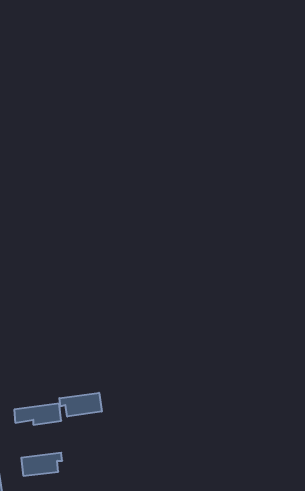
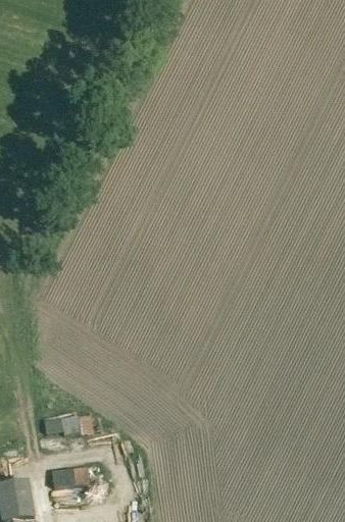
building: [59,393,102,417] -> none

